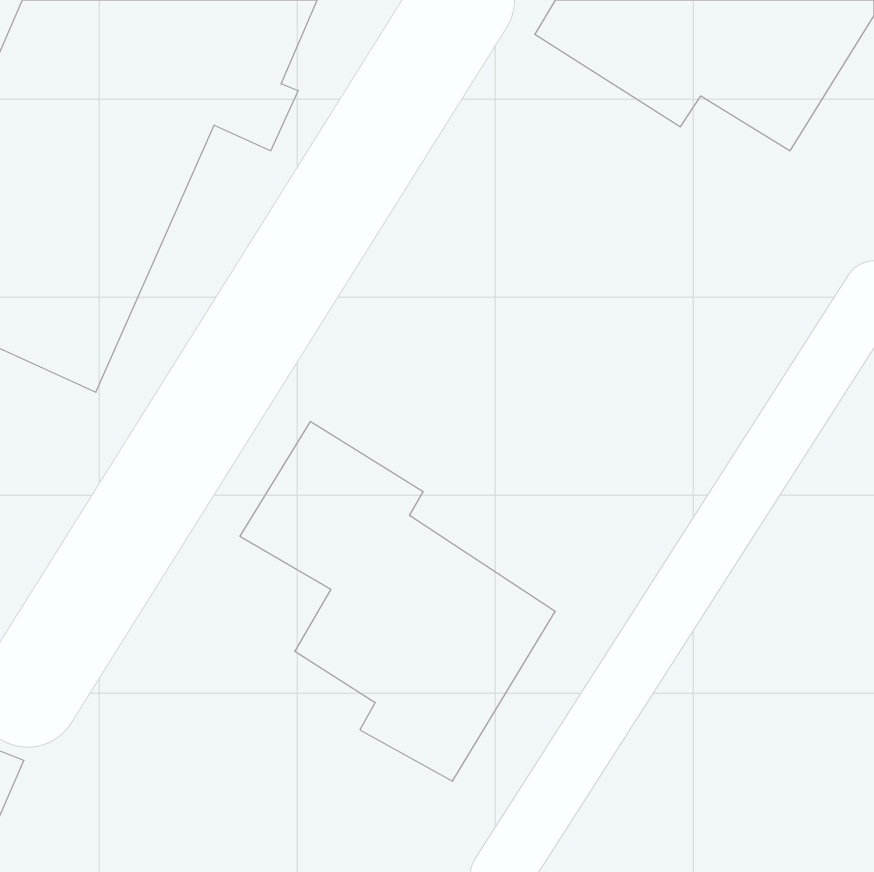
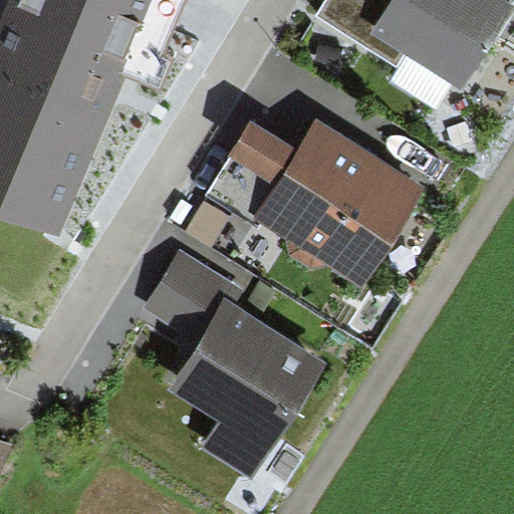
building: none -> [208,114,422,286]

